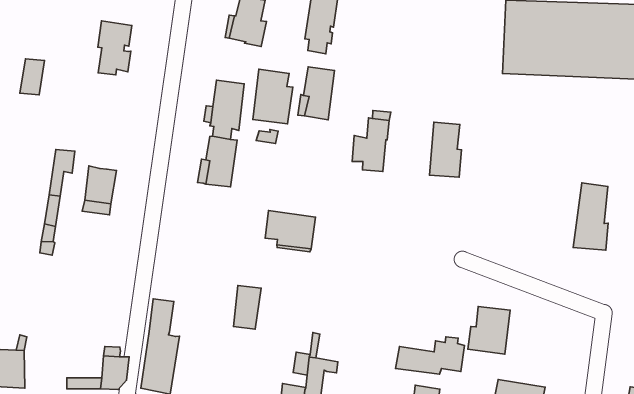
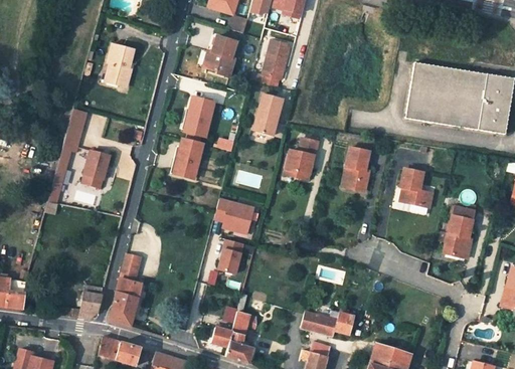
building: [20,59,44,95] -> [67,109,89,137]
building: [253,69,293,124] -> none
building: none -> [401,169,432,213]
building: [233,285,261,329] -> [219,238,243,272]
building: [468,306,510,354] -> none

